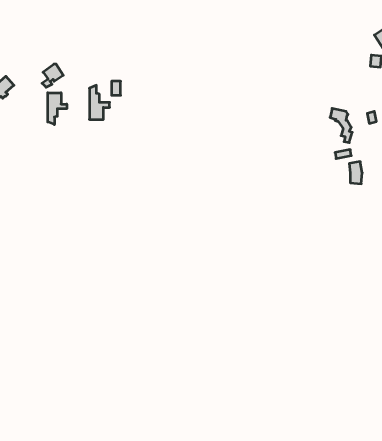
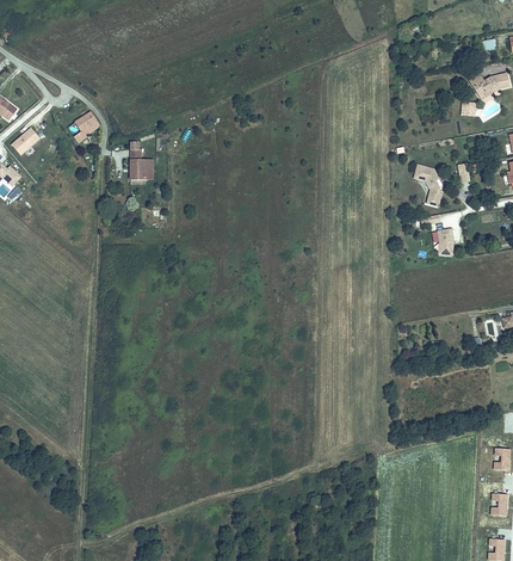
building: [48,93,67,125] -> none

